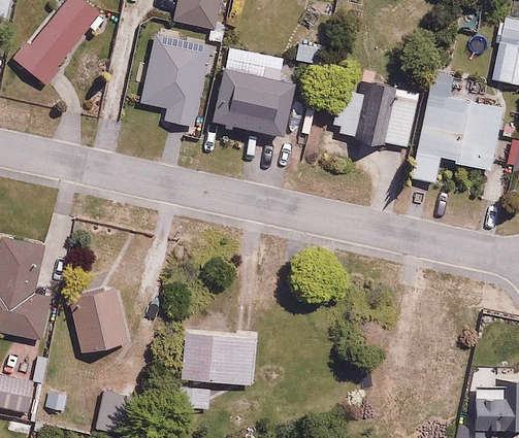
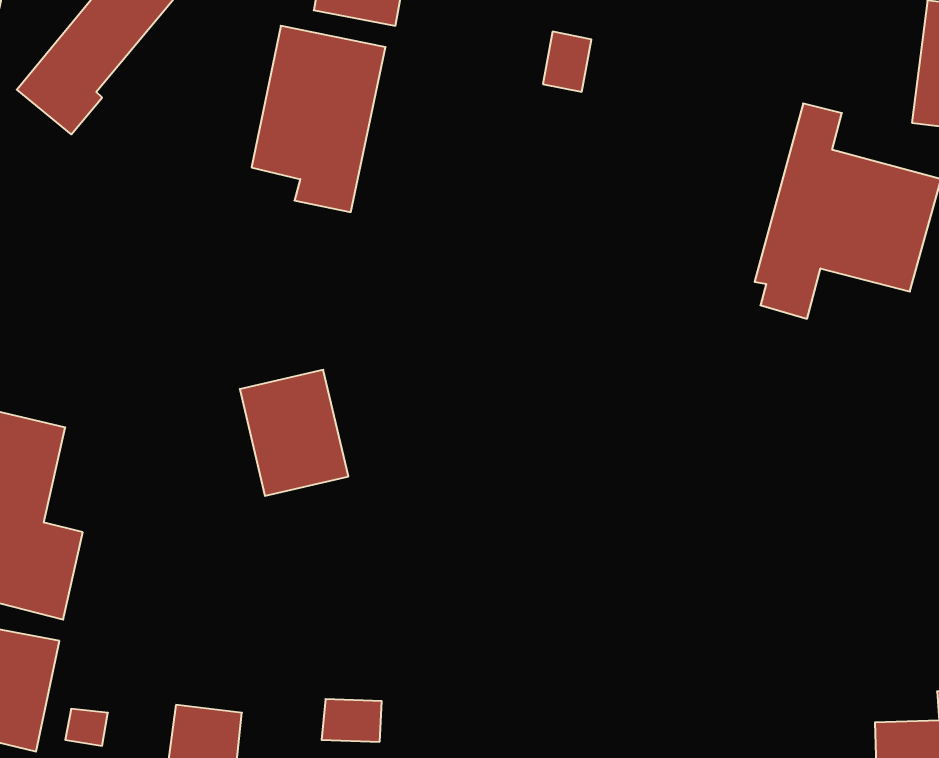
building: [213,65,295,134] -> none
building: [334,75,419,150] -> none
building: [69,285,127,352] -> [240,370,348,496]
building: [182,328,257,384] -> none

